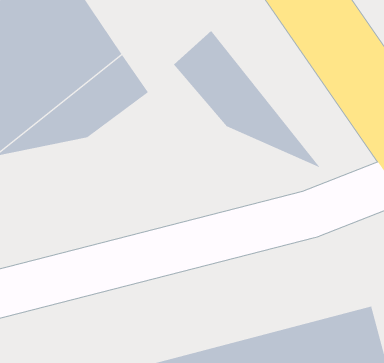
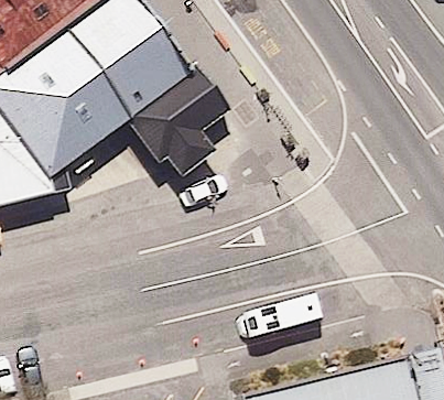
building: [173,30,321,169] -> none

